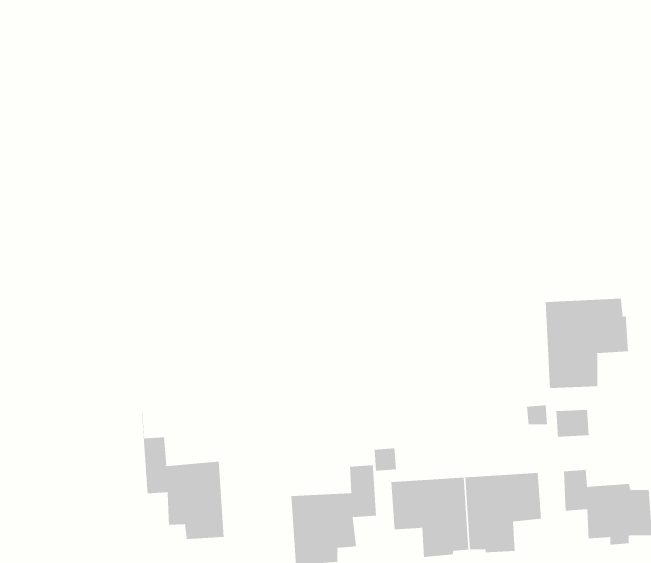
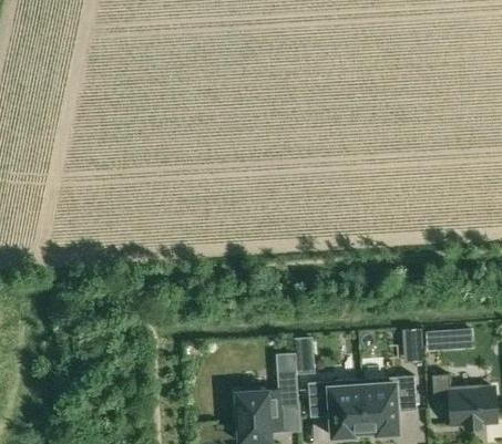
building: [545,298,629,389] -> none
building: [141,412,224,540] -> none

